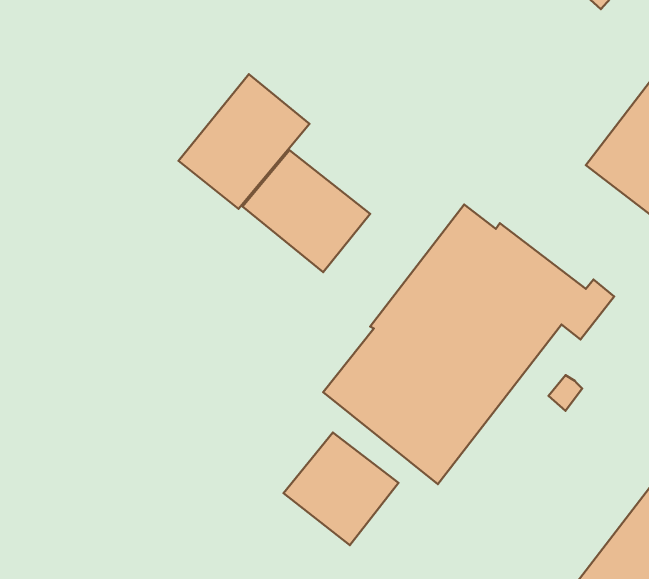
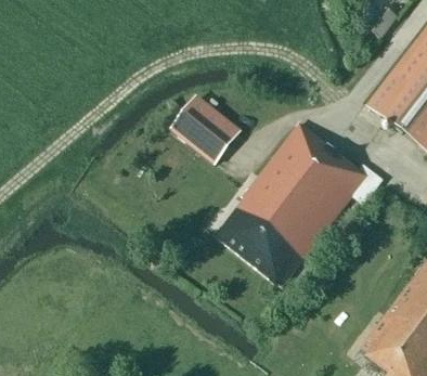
building: [178,74,310,209] -> none
building: [283,432,399,545] -> none

